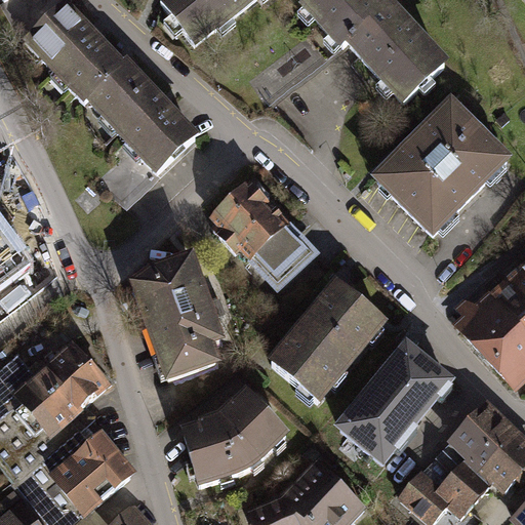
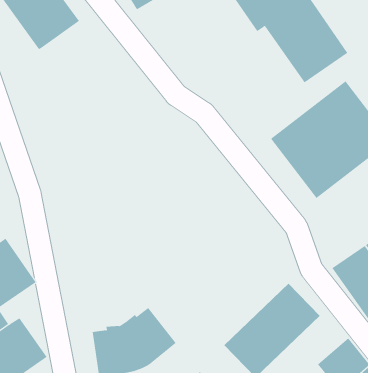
building: [87,65,199,180] -> none
building: [214,180,315,282] -> none
building: [138,253,221,373] -> none
building: [274,280,386,397] -> none

